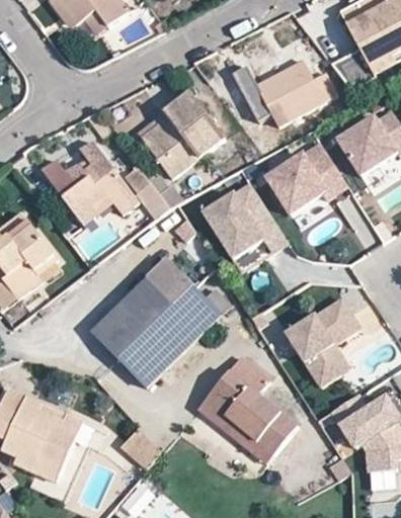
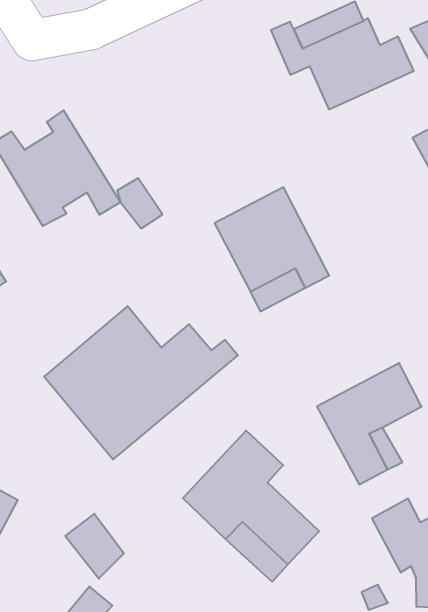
building: [137,93,222,178] -> none
building: [266,144,340,213] -> none
building: [147,258,191,304] -> none

